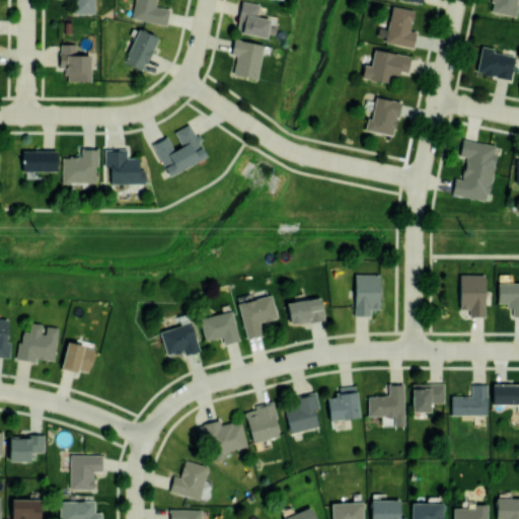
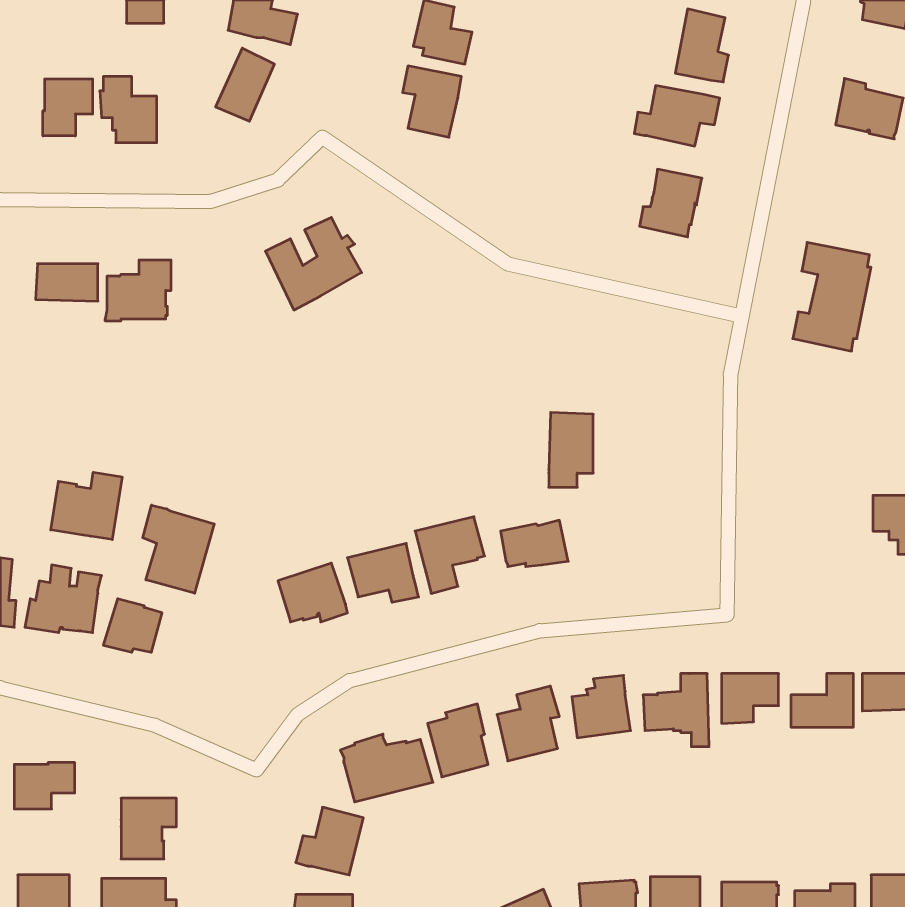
building: none -> [43,79,93,136]
building: [105,150,147,186] -> none
building: none -> [51,472,122,540]
building: [356,275,381,317] -> [549,412,593,487]
building: [461,276,487,317] -> none
building: none -> [143,505,214,593]

